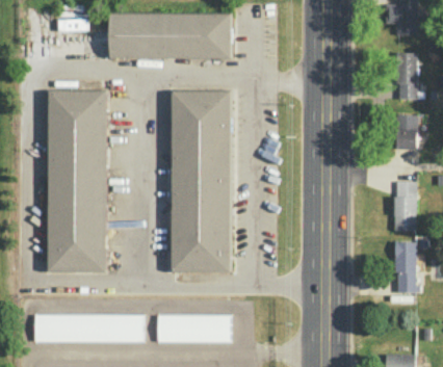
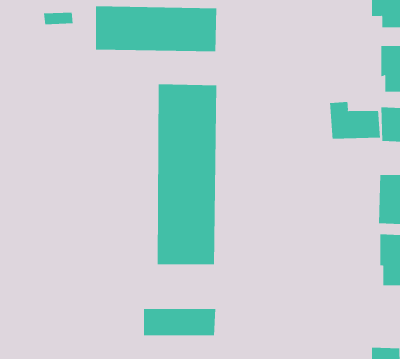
building: [49,90,107,271] -> none
building: none -> [330,101,381,139]
building: [35,314,144,341] -> none

